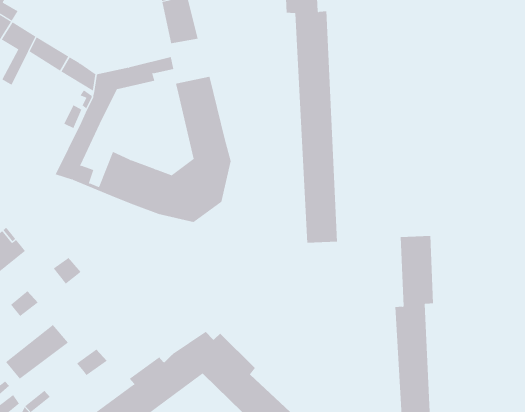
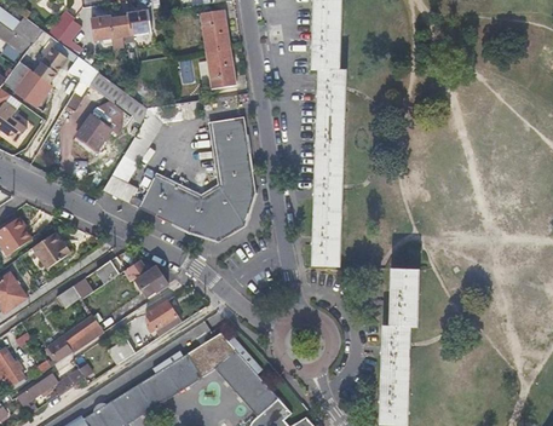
building: none -> [76,100,122,148]
building: none -> [127,260,168,297]
building: none -> [145,300,180,334]

